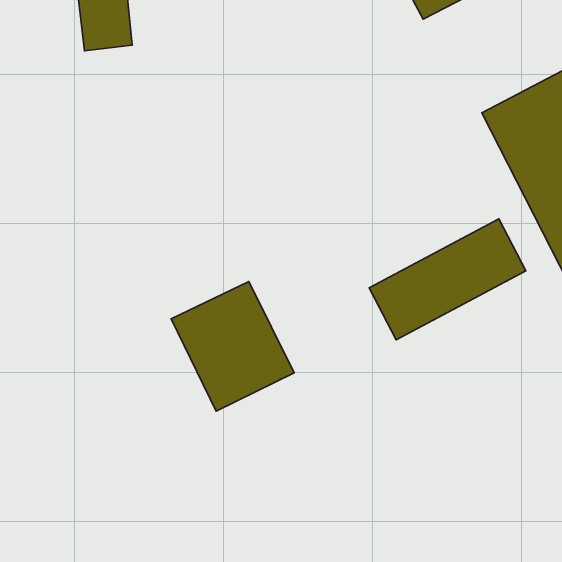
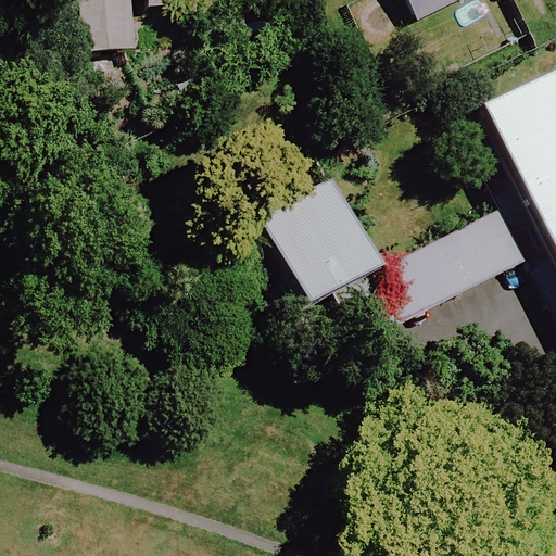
building: [171,282,294,411] -> [265,179,383,304]

